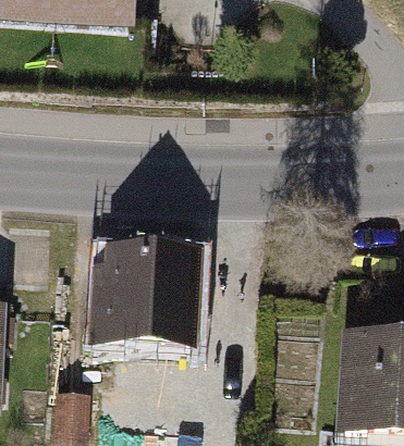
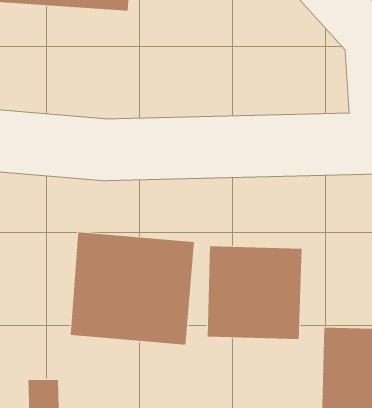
building: none -> [207,246,302,340]

